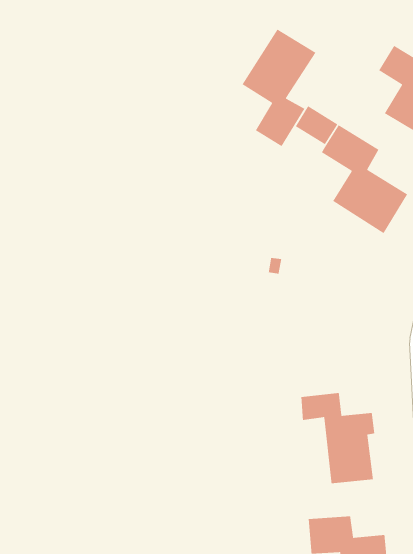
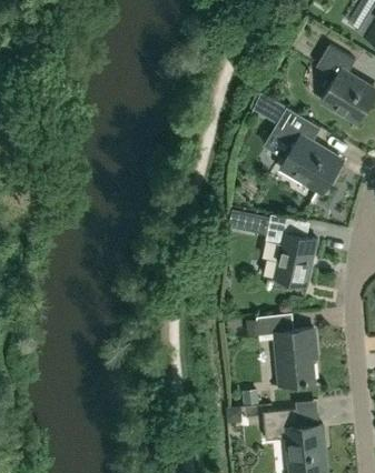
building: [241,29,316,147] -> none
building: none -> [266,215,317,286]

